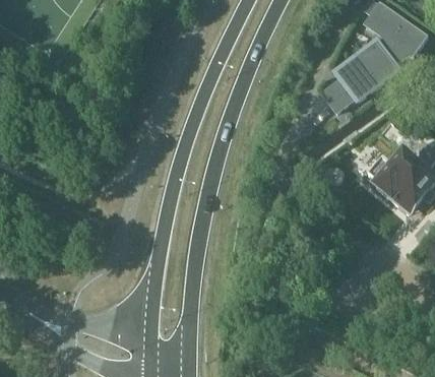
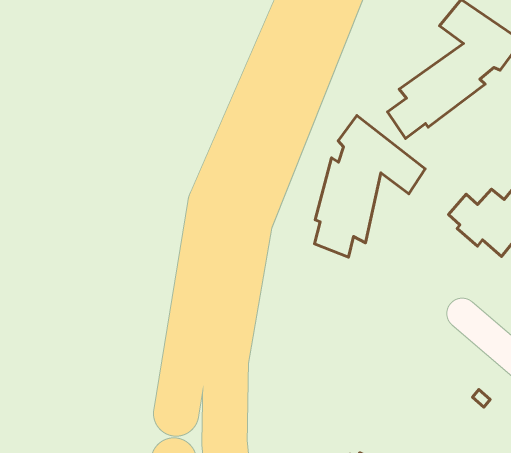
building: none -> [314,116,425,257]

